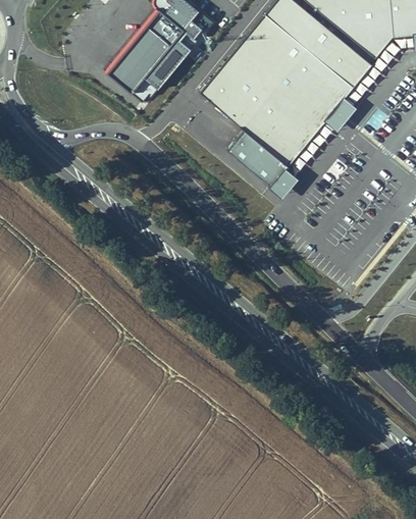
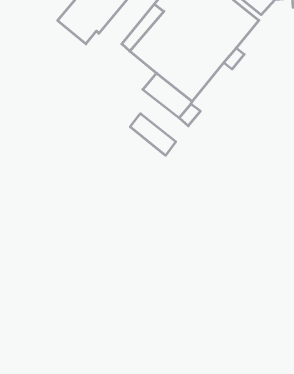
building: none -> [130,114,176,155]

